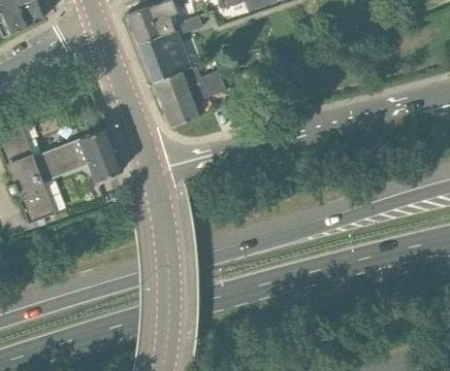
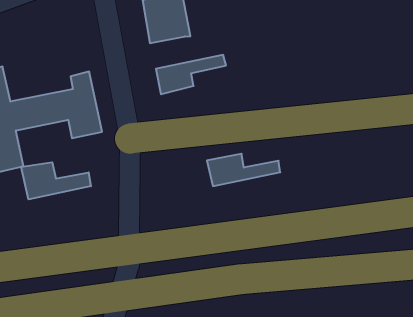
building: [153,70,222,104] -> [207,154,280,186]
building: none -> [21,162,91,199]

